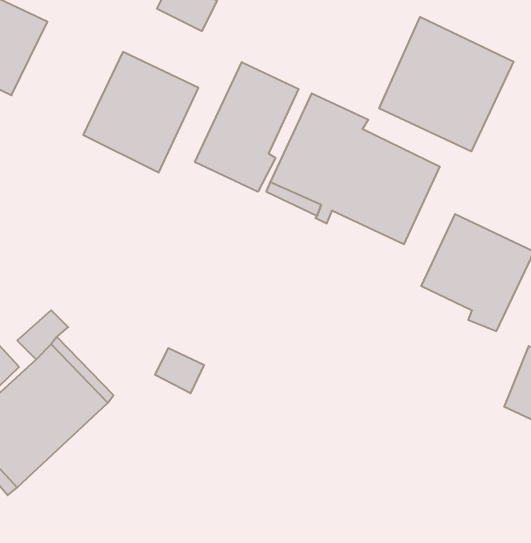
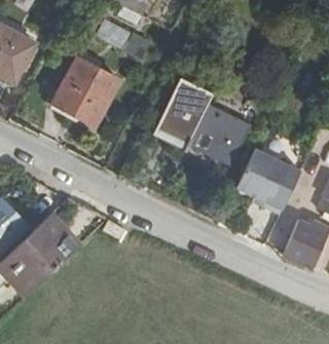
building: [379,17,513,151] -> none
building: [195,62,299,192] -> none

